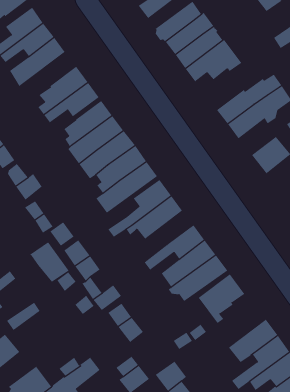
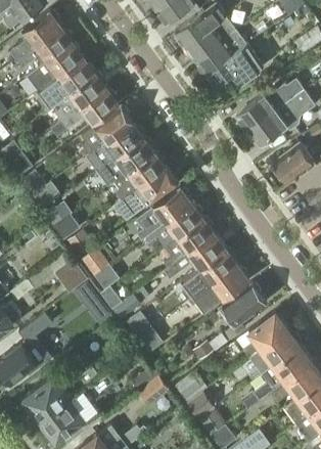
building: none -> [36,56,94,108]
building: none -> [164,218,214,267]
building: none -> [236,312,287,358]

